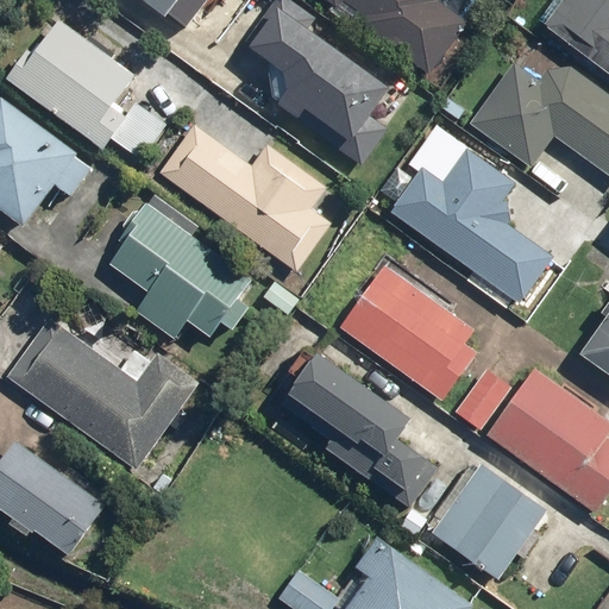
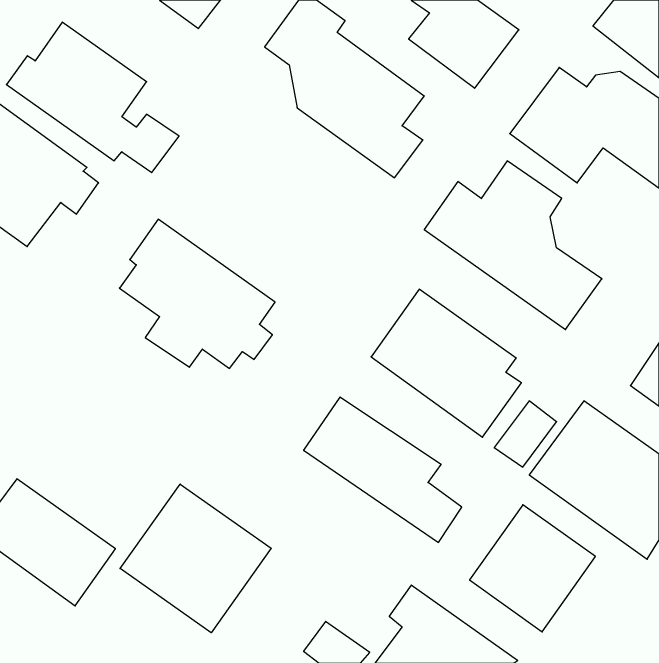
building: [159,124,331,270] -> none
building: [8,318,199,467] -> none
building: none -> [120,484,271,633]

